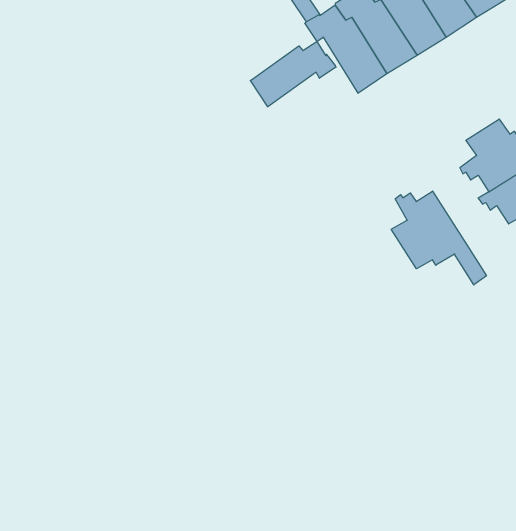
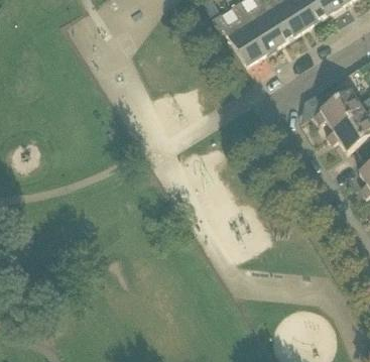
building: [250,42,336,107] -> none
building: [391,191,486,285] -> none

